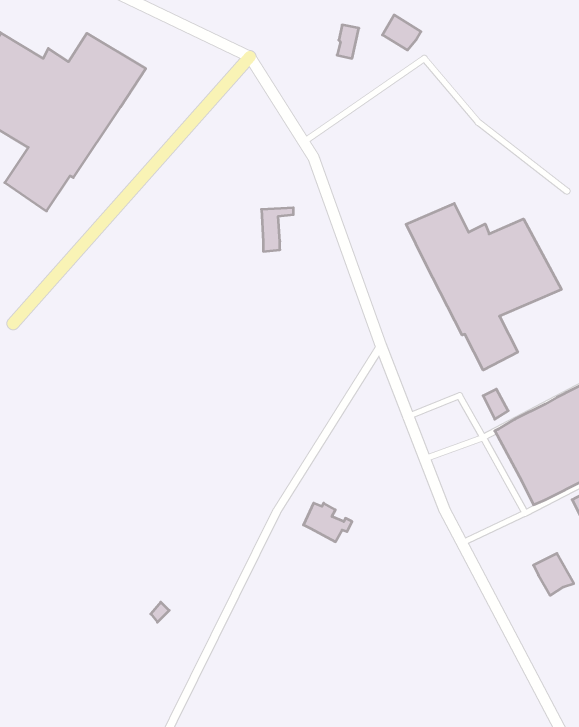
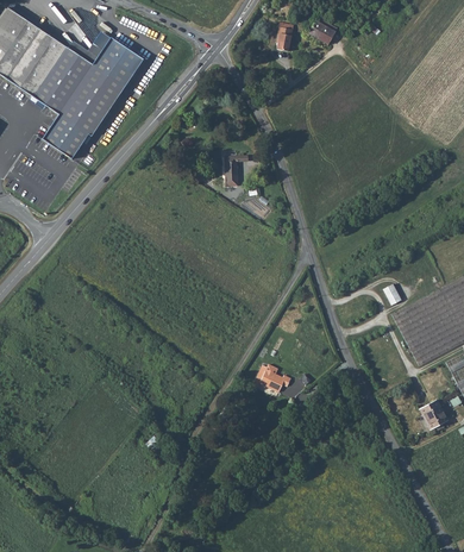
building: [406,203,561,370] -> none

